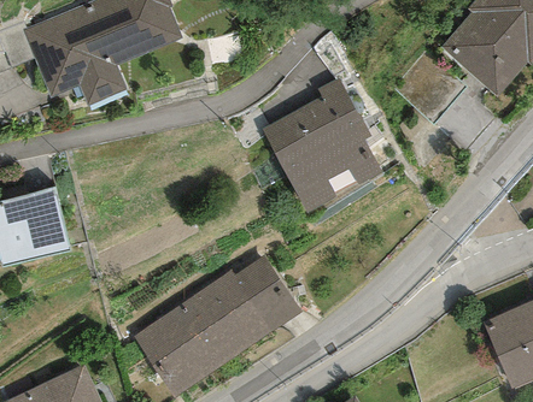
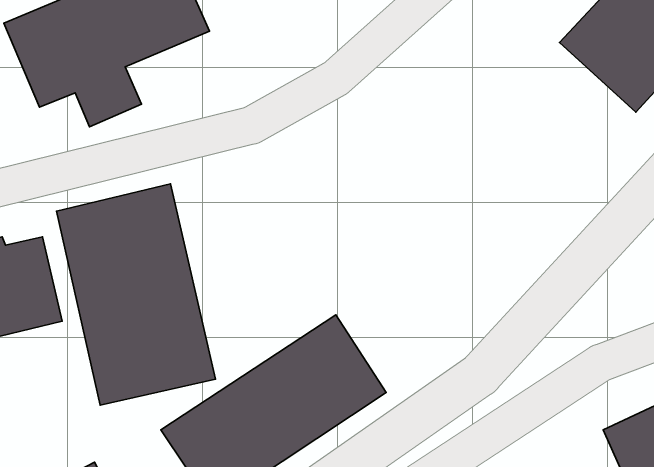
building: [257,79,386,215] -> none
building: none -> [56,184,215,405]

